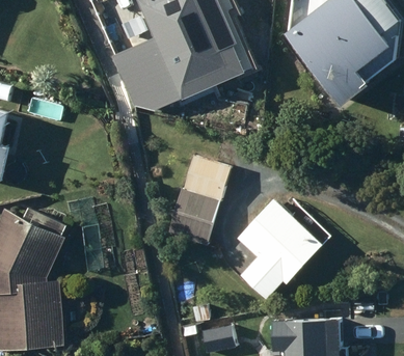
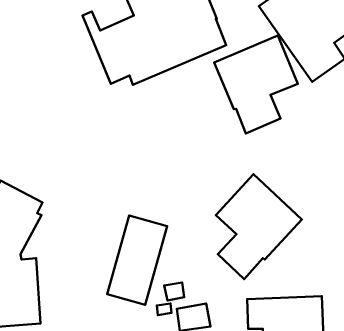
building: none -> [214,36,298,134]
building: [167,158,226,246] -> [107,216,167,305]

